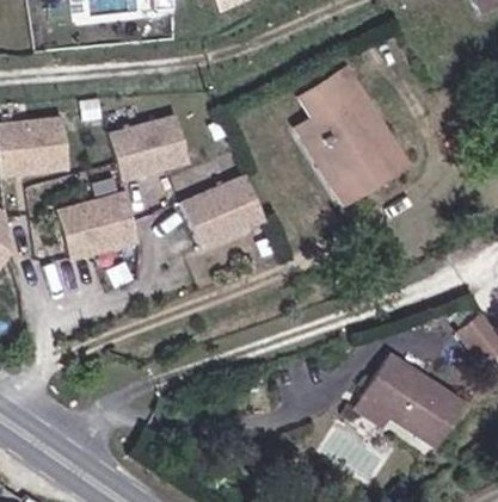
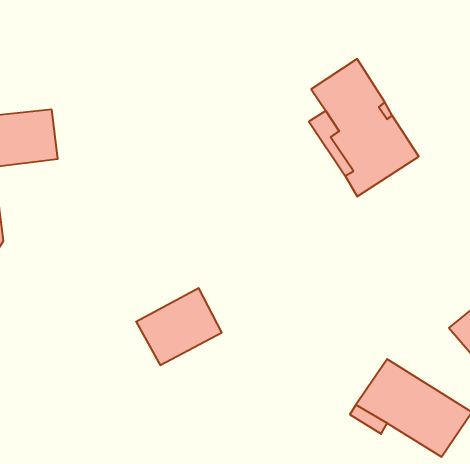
building: [103,111,184,178] -> none
building: [186,168,271,244] -> [136,288,222,365]
building: [51,190,131,255] -> none

